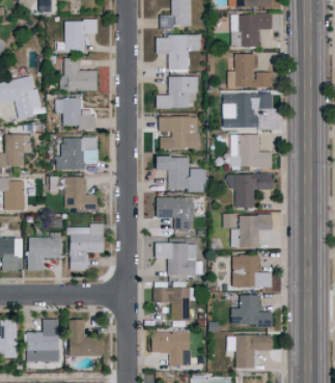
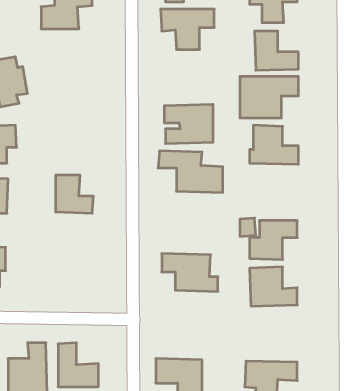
building: [63,58,97,90] -> none
building: [156,76,197,108] -> none
building: [56,98,94,130] -> none
building: [59,137,97,169] -> none
building: [229,174,273,208] -> none
building: [156,197,195,230] -> none
building: [68,223,105,270] -> none
building: [28,231,62,271] -> none
building: [153,282,192,321] -> none
building: [230,295,272,326] -> none

